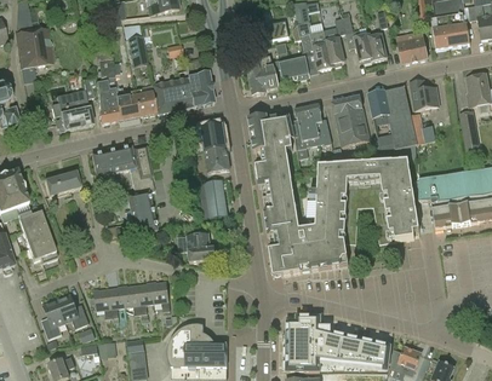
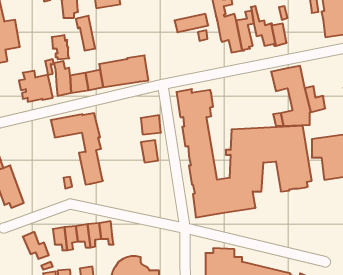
building: [397,36,428,64] -> none
building: [246,53,309,94] -> none
building: [410,79,439,109] -> none
building: [331,94,370,145] -> none
building: [292,103,331,157] -> none
building: [200,122,227,151] -> none
building: [44,171,80,196] -> none
building: [177,233,214,262] -> none
building: [42,300,65,339] -> none

